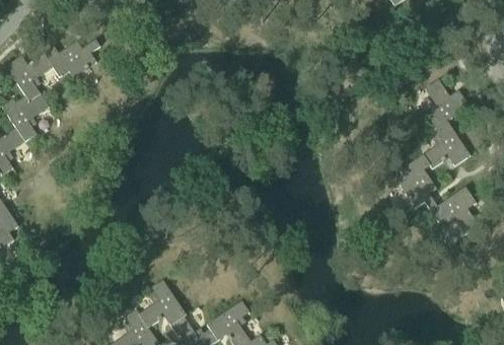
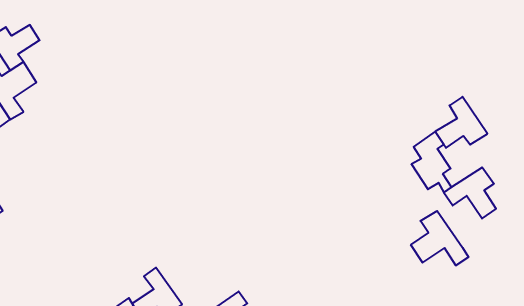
building: [43,41,98,78] -> none
building: [424,80,469,131] -> none
building: none -> [411,211,468,266]

